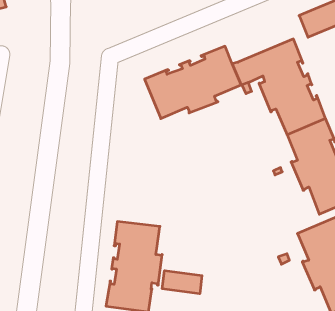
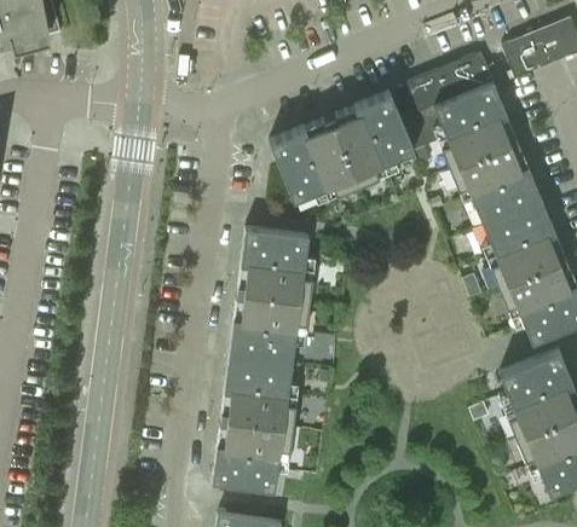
building: none -> [398,53,494,116]
building: none -> [229,227,313,363]
building: [162,271,202,294] -> none

